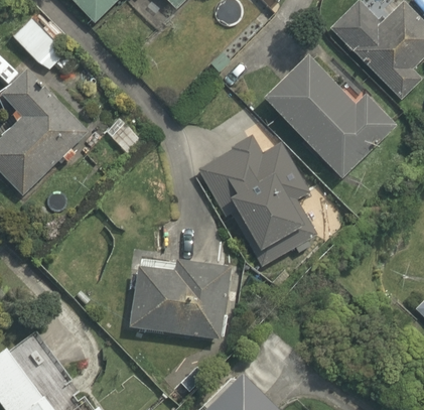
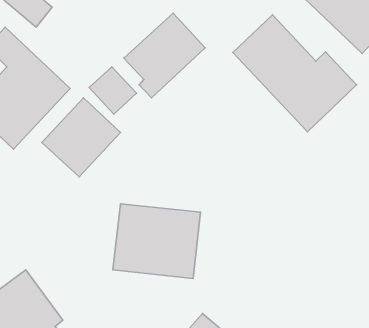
building: none -> [124,13,205,98]
building: [199,136,320,272] -> none
building: none -> [42,98,121,177]

